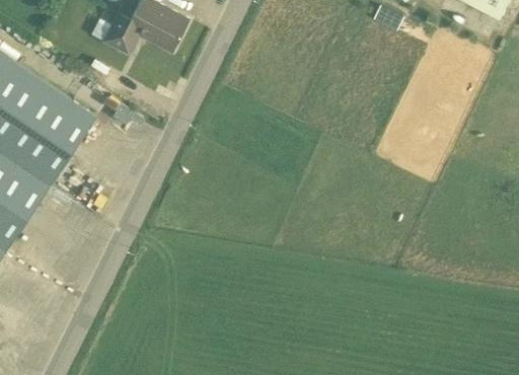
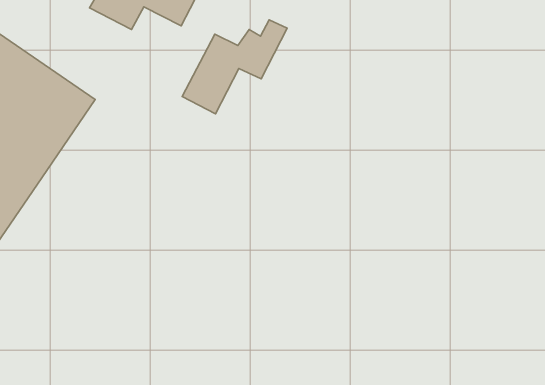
building: none -> [182,20,287,114]

